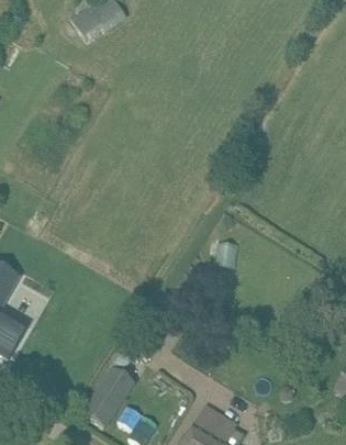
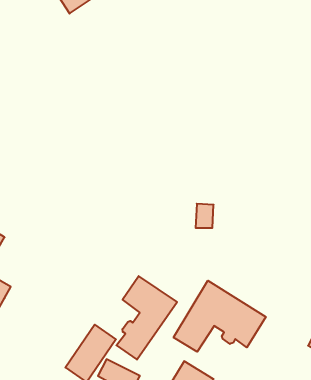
building: none -> [116,276,177,360]
building: none -> [174,281,266,352]

